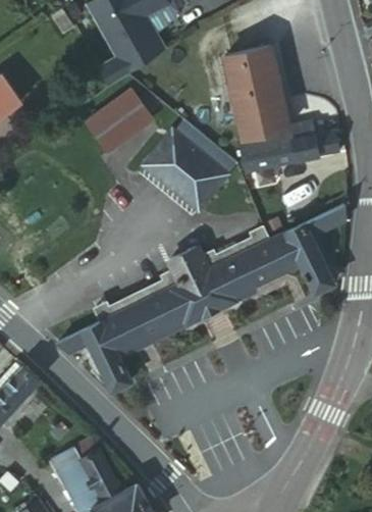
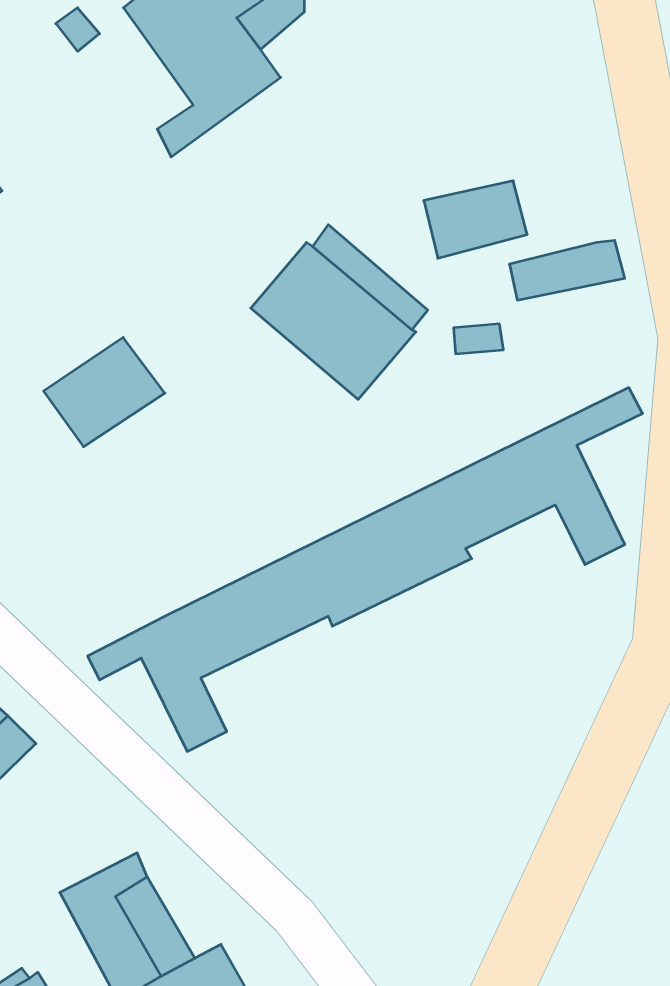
building: [222,43,281,108] -> none
building: [86,92,148,148] -> [44,337,165,447]
building: [233,119,324,168] -> none
building: [97,226,272,321] -> none

